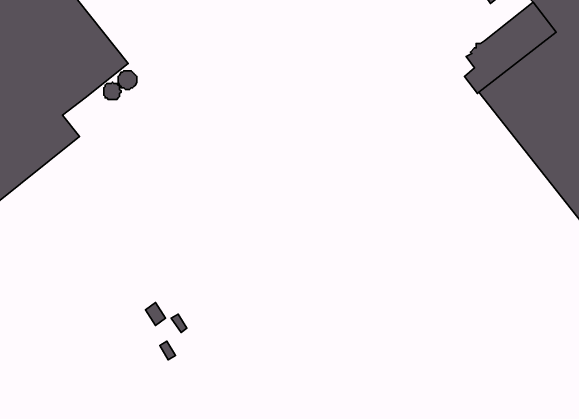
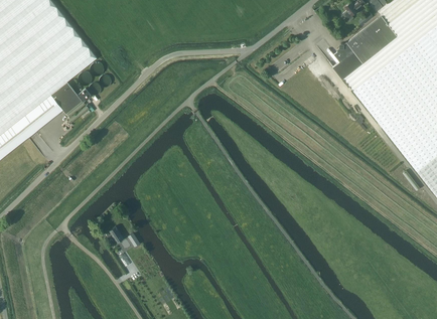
building: none -> [50,82,82,113]

